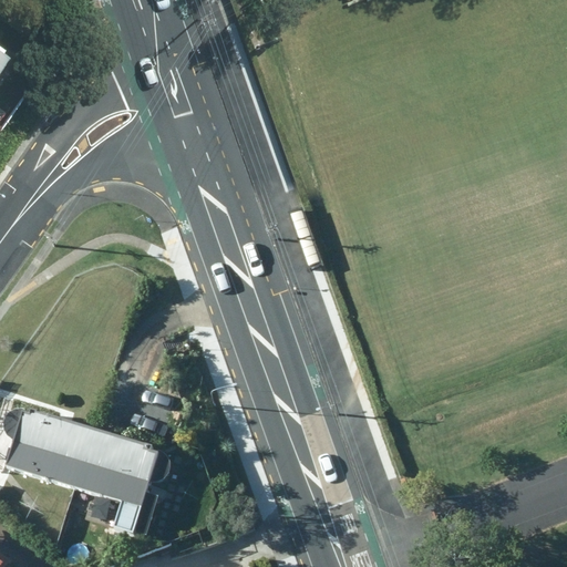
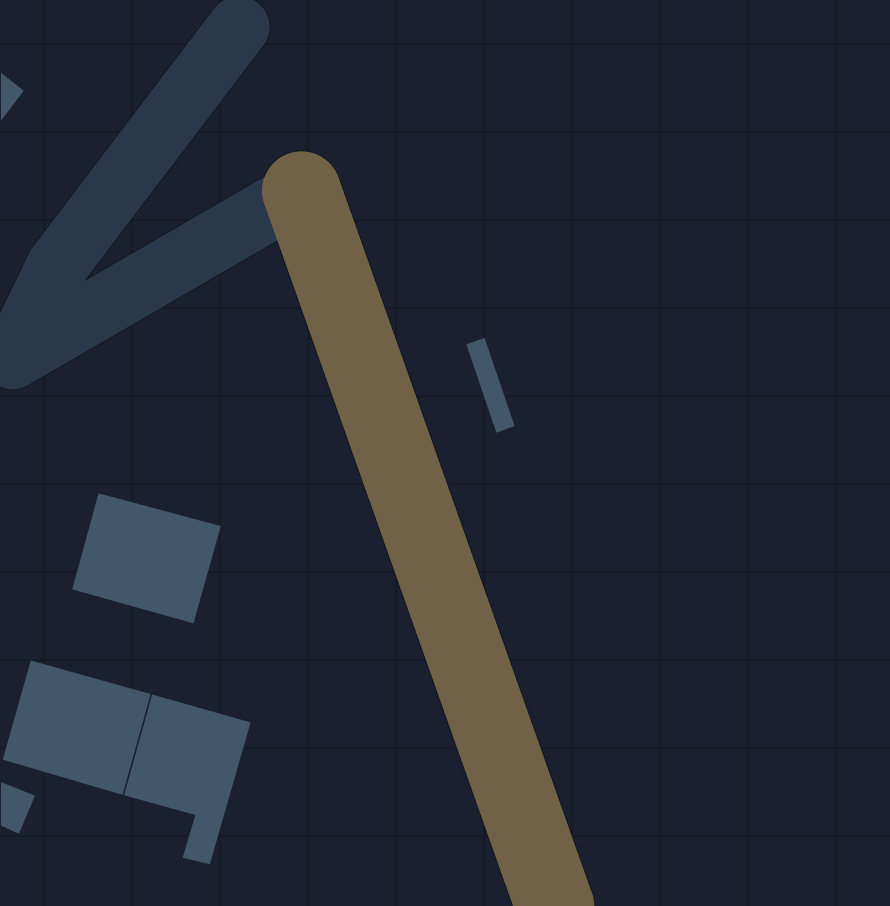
building: none -> [71,493,222,624]

